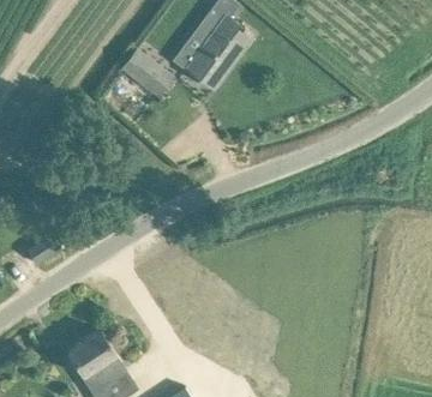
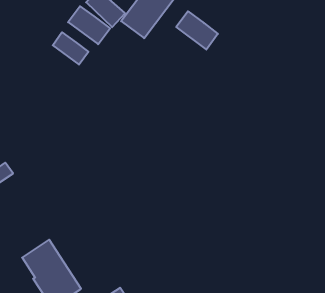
building: none -> [176,11,218,50]
building: none -> [53,32,88,65]

